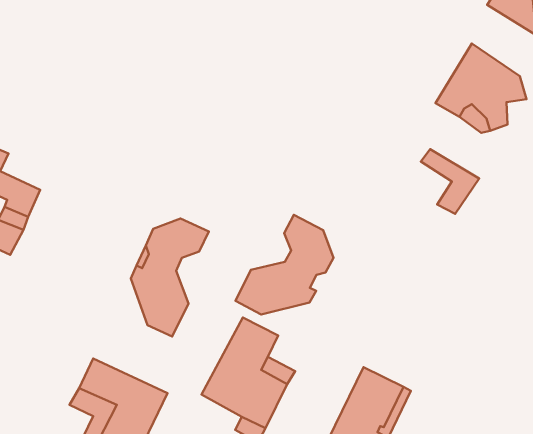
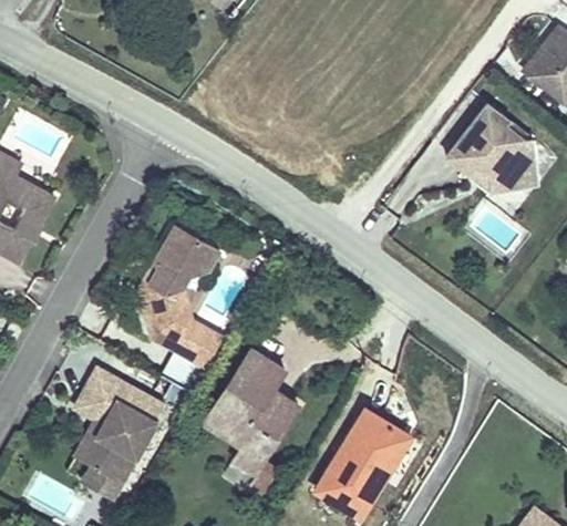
building: [421,149,479,214] -> none
building: [235,215,333,314] -> none
building: none -> [178,327,227,375]

